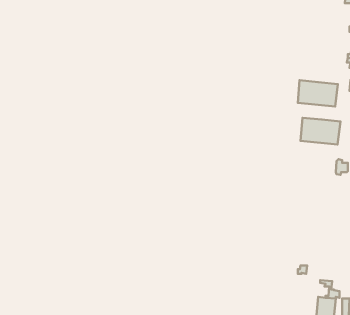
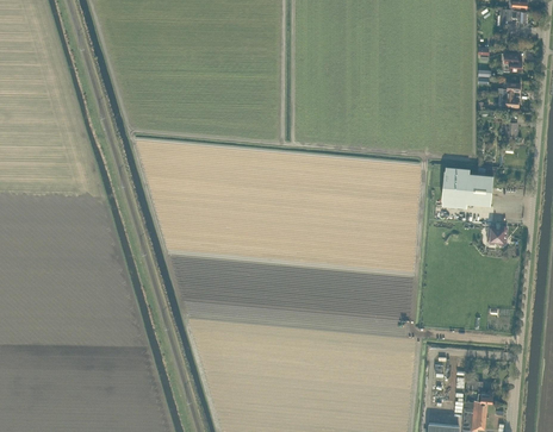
building: [298,80,338,106] -> none

